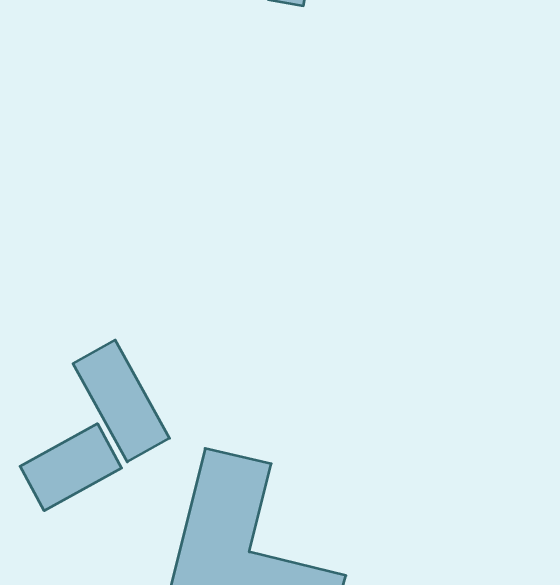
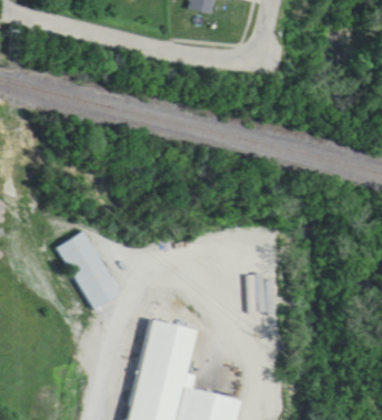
building: [20,424,122,511] -> none

